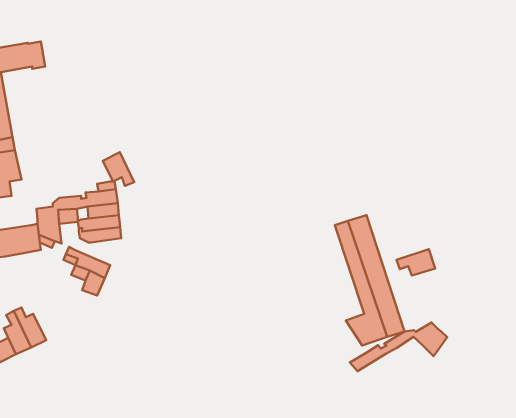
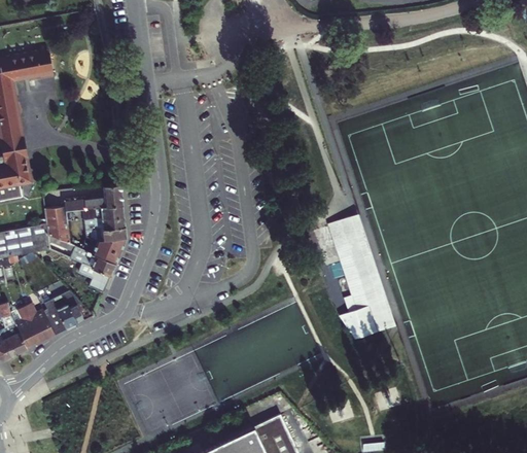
building: [103,152,134,186] -> none
building: none -> [81,238,126,264]
building: [397,249,435,275] -> none
building: none -> [52,292,80,333]
building: [350,323,447,371] -> none

